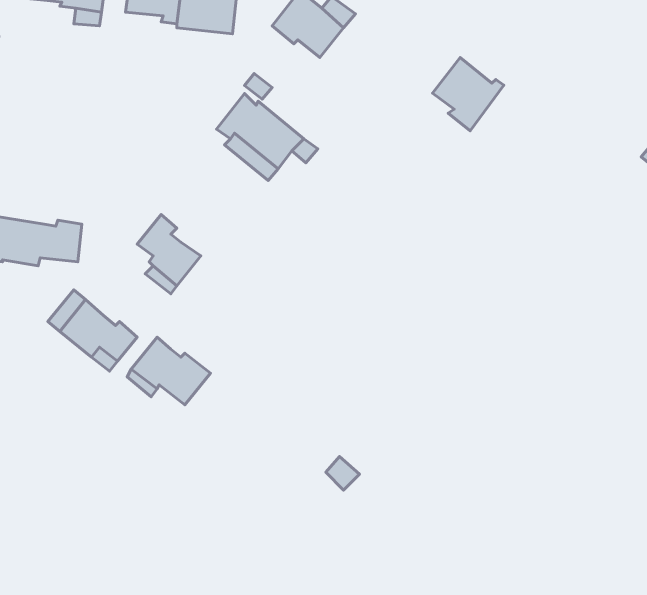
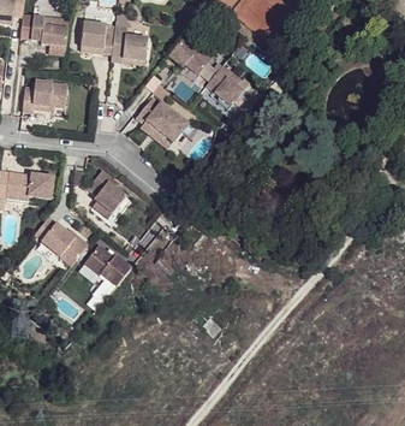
building: [432,58,504,131] -> [206,64,249,108]
building: none -> [23,81,67,112]

